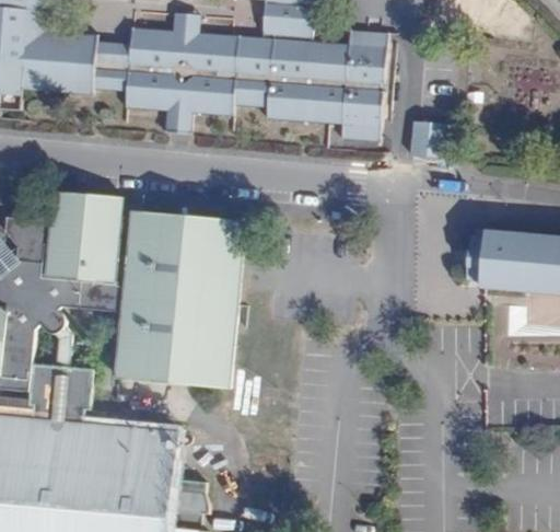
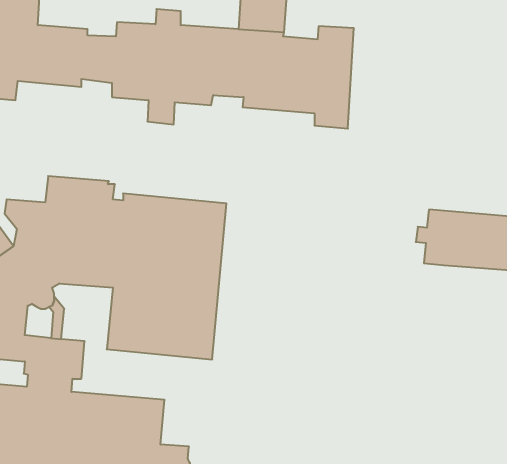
building: [412,120,448,157] -> none

